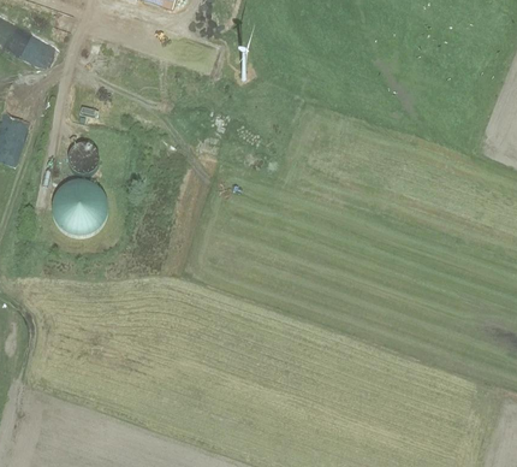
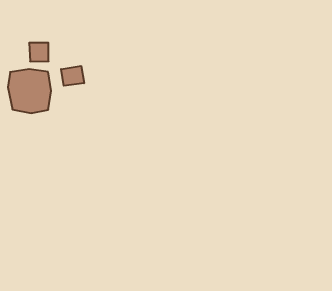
building: none -> [61,66,84,86]

